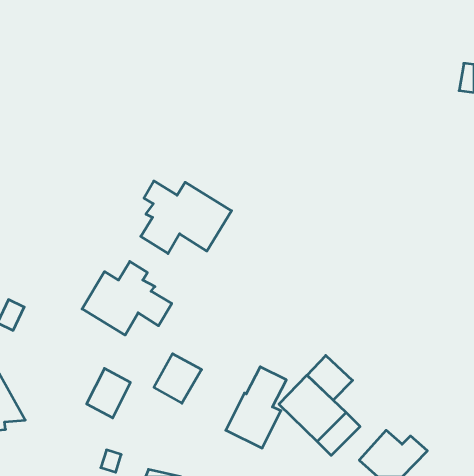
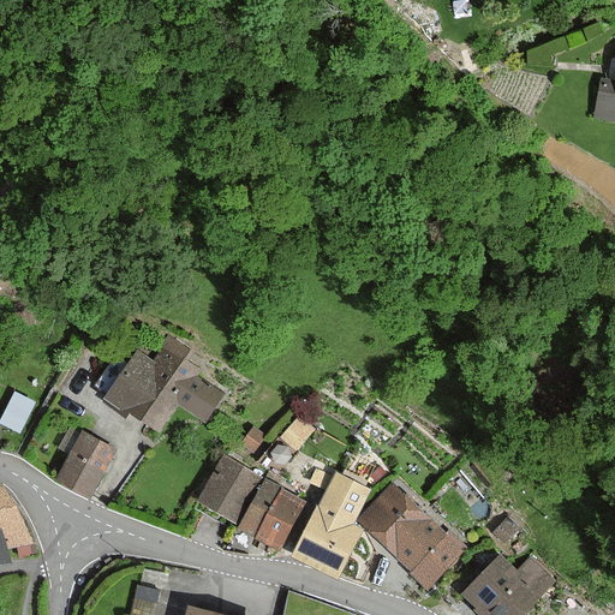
building: [141,181,232,254] -> none
building: [307,355,353,400] -> none
building: [87,368,130,418] -> [59,432,115,496]
building: none -> [240,482,303,548]

